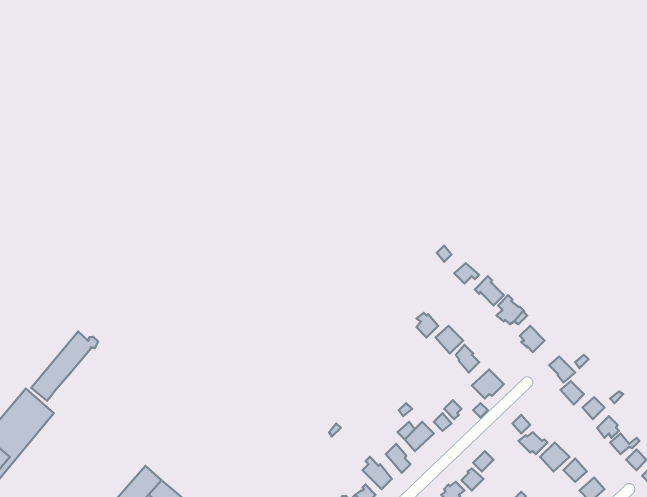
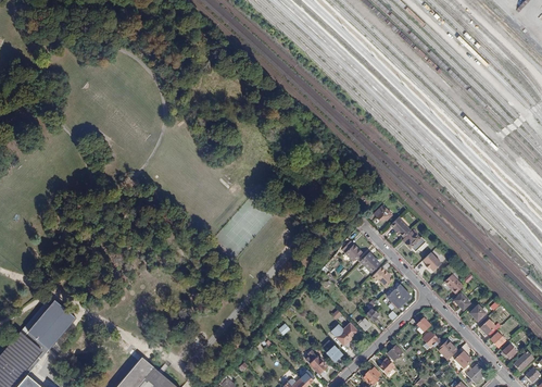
building: [31,332,98,401] -> none

